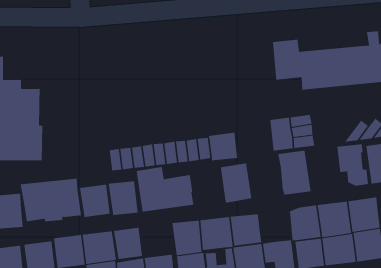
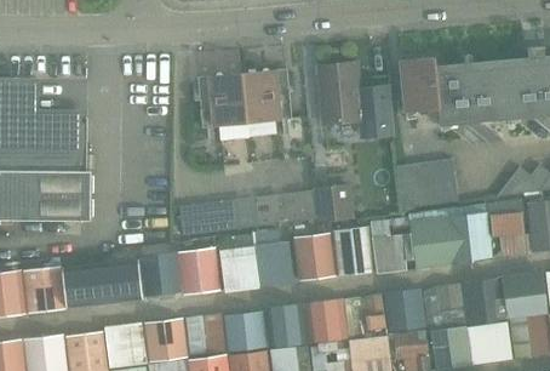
building: none -> [317,63,393,137]
building: none -> [193,69,296,127]
building: none -> [445,202,493,263]
building: none -> [369,218,412,273]
building: none -> [293,232,336,279]
building: none -> [382,286,425,324]
building: none -> [223,310,267,350]

